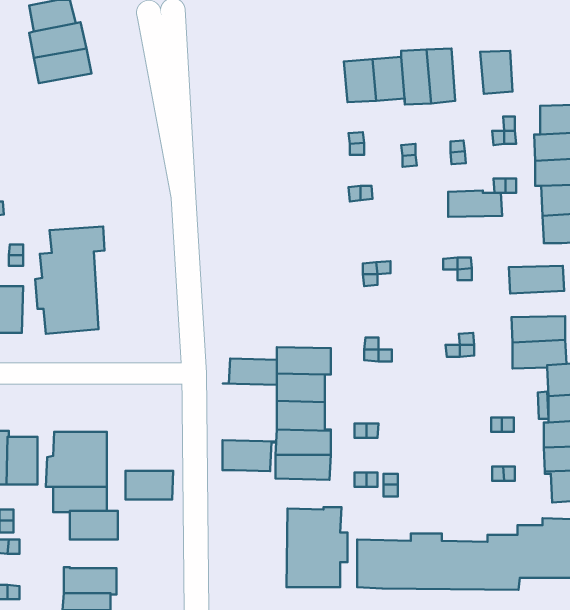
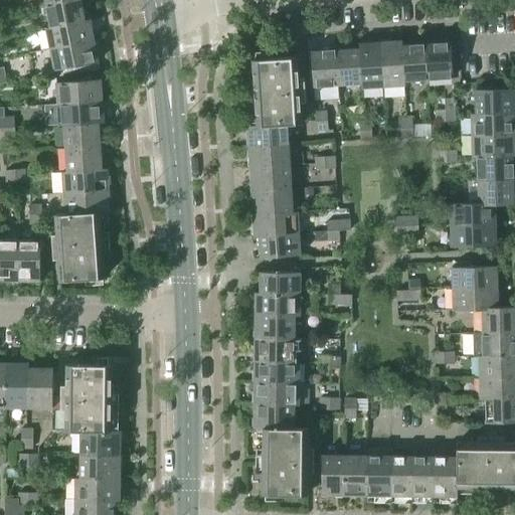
building: none -> [401,41,428,85]
building: none -> [247,56,306,258]
building: none -> [44,79,109,194]
building: [448,191,502,217] -> [450,203,495,225]
building: [223,359,277,385] -> [254,272,300,294]
building: [222,440,276,471] -> [253,403,299,430]
building: [125,471,173,499] -> [80,455,121,479]

